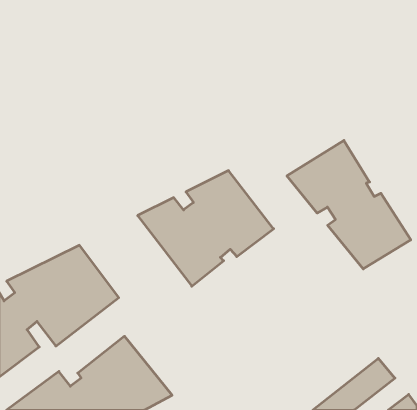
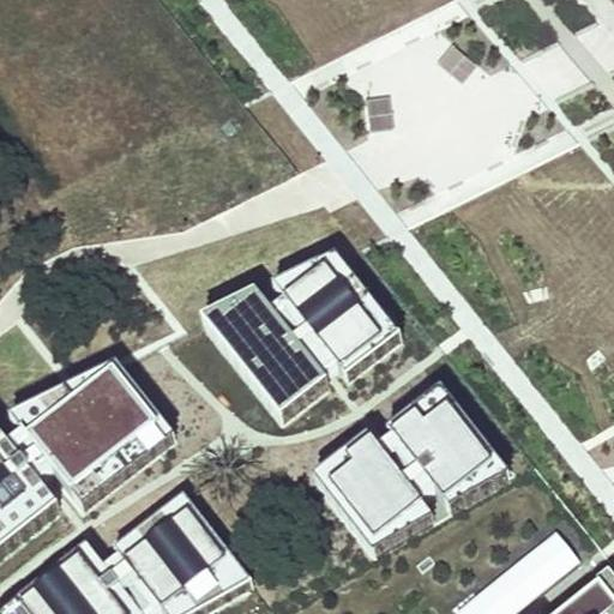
building: [287,140,411,269] -> none
building: none -> [314,385,507,549]

